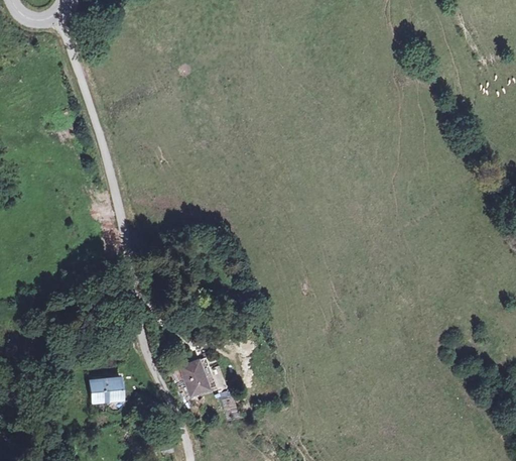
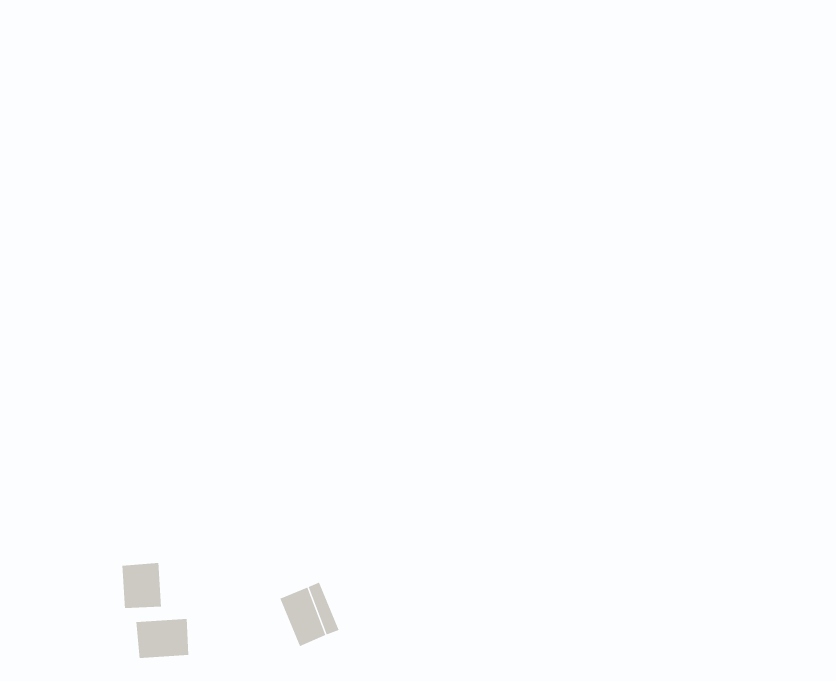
building: none -> [122,562,162,609]

